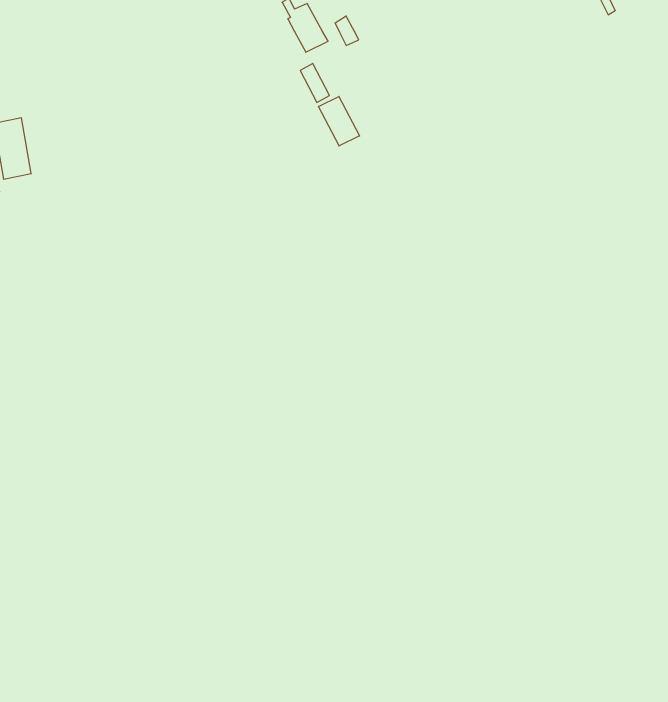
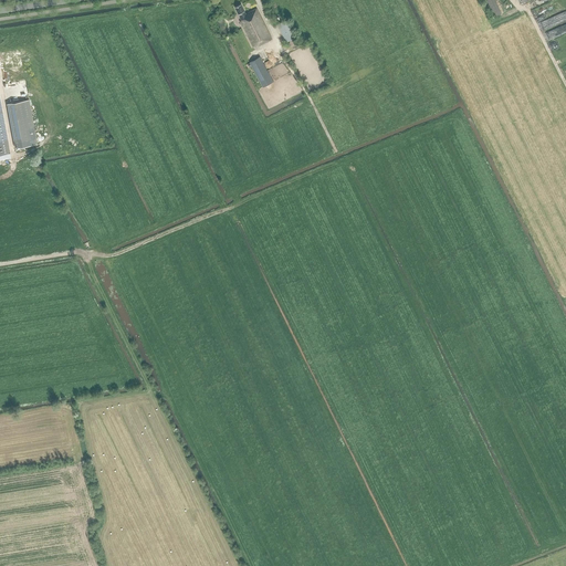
building: [318,96,360,146] -> none

